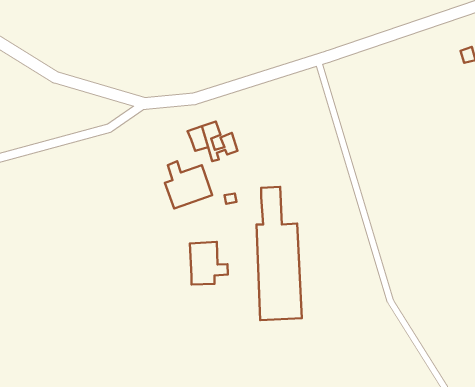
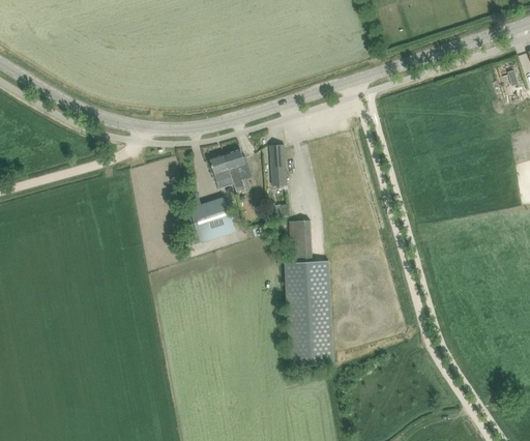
building: none -> [269,146,287,194]
building: [190,242,228,284] -> none

